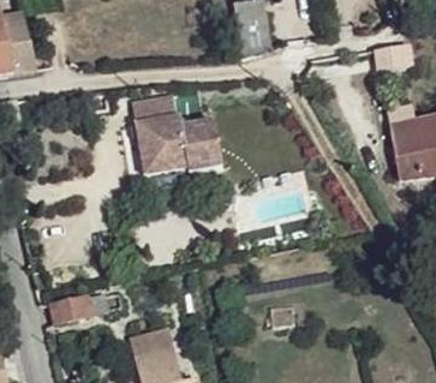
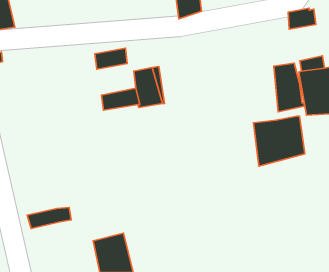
building: [136,114,185,155] -> none
building: none -> [274,63,304,112]
building: none -> [254,116,305,166]

